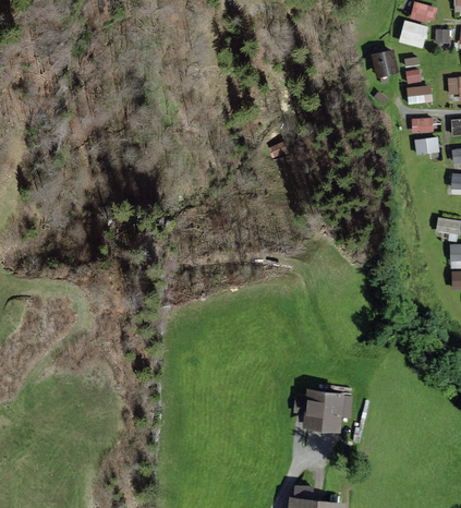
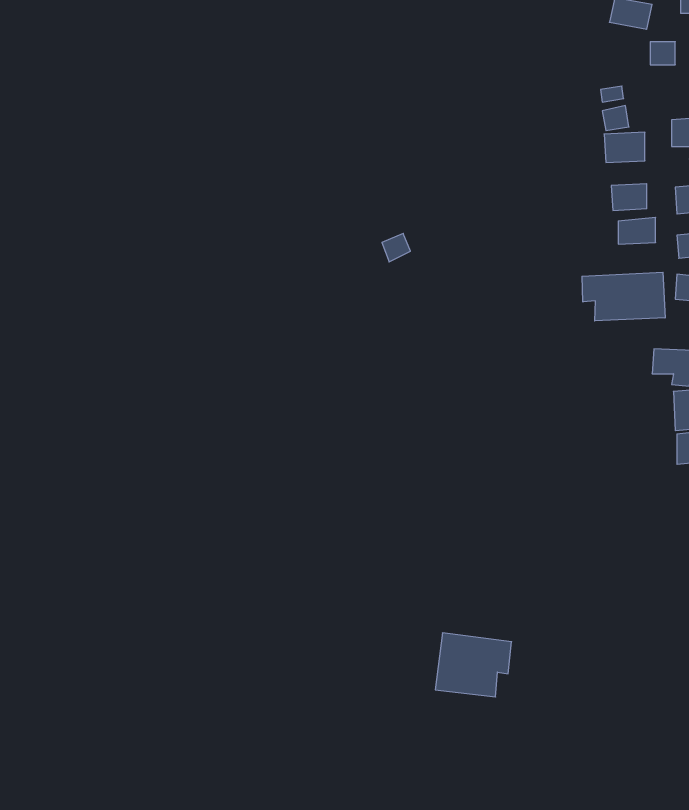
building: [399,20,429,48] -> none
building: [367,51,397,80] -> none
building: none -> [582,272,665,321]

